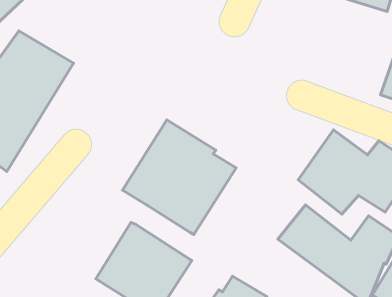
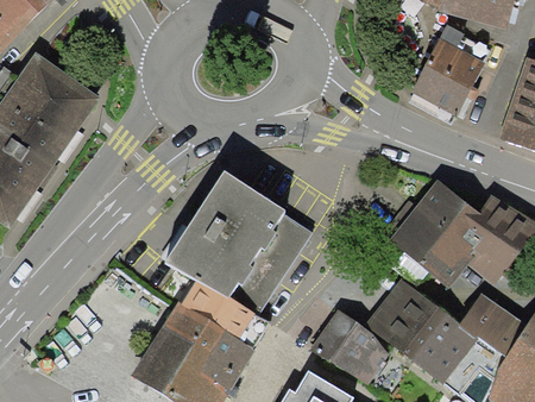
building: none -> [410,36,485,115]
building: none -> [183,278,270,348]
building: none -> [313,313,392,388]

